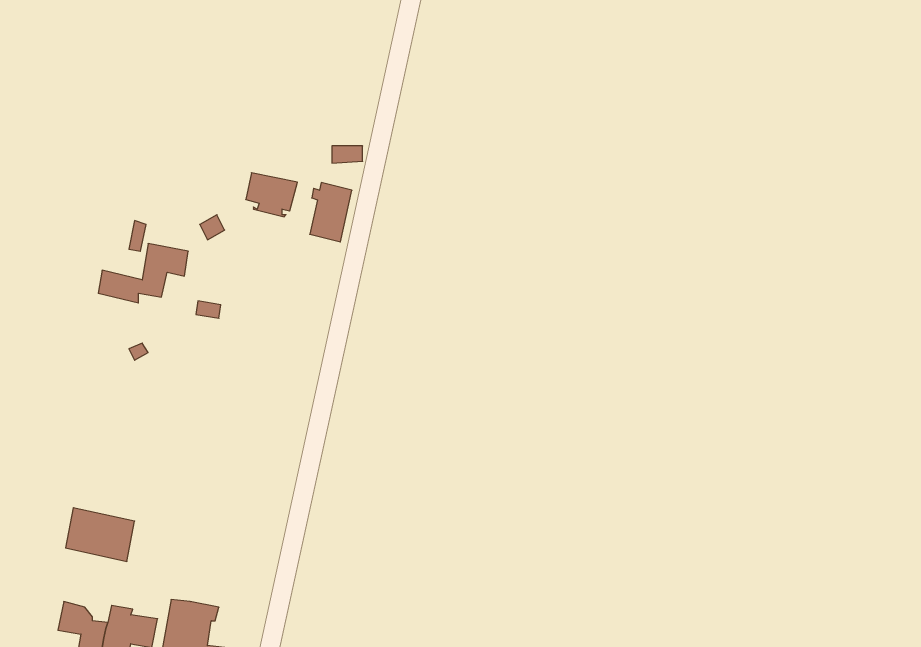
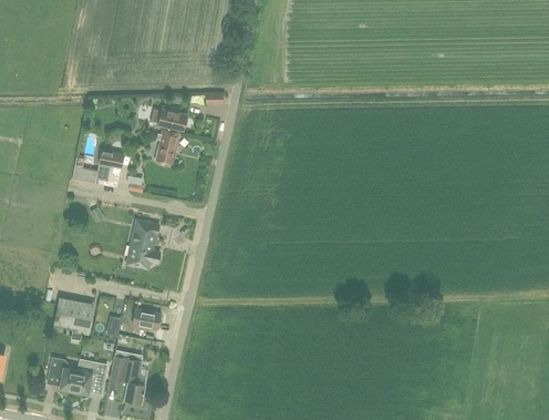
building: [310,183,352,242] -> [155,129,179,163]
building: none -> [126,218,160,267]
building: none -> [132,307,160,328]

